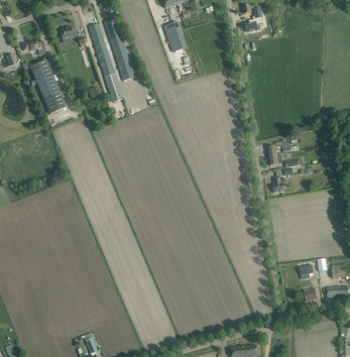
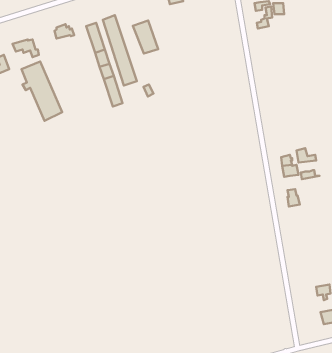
building: [163,21,187,51] -> [133,20,158,53]

